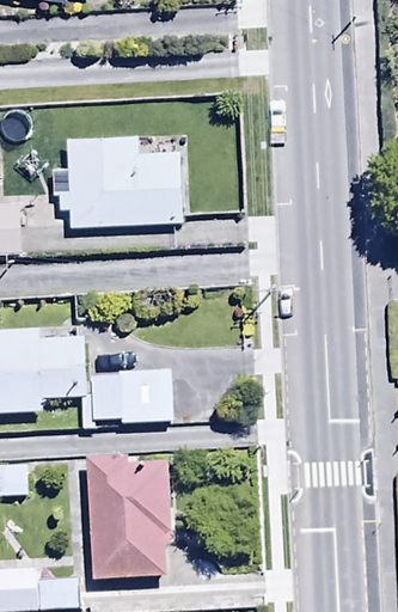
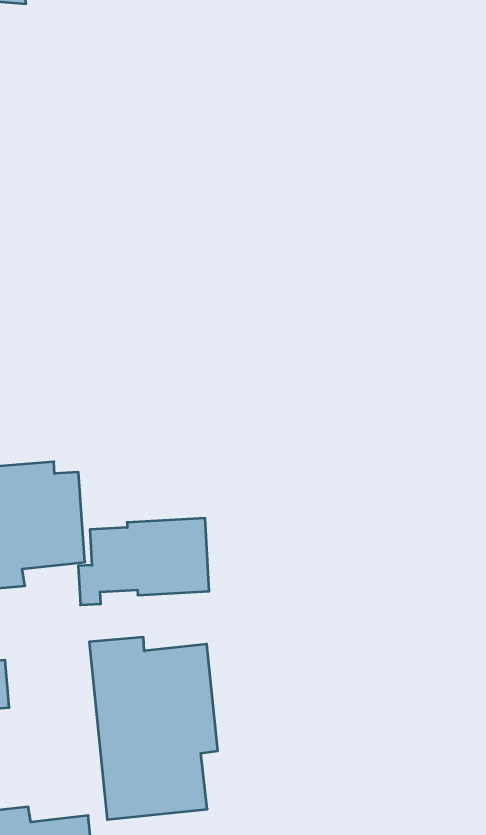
building: [48,136,180,228] -> none

